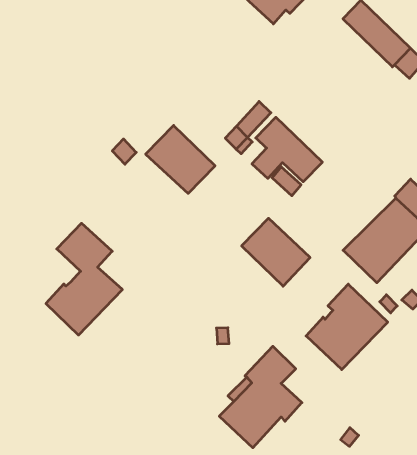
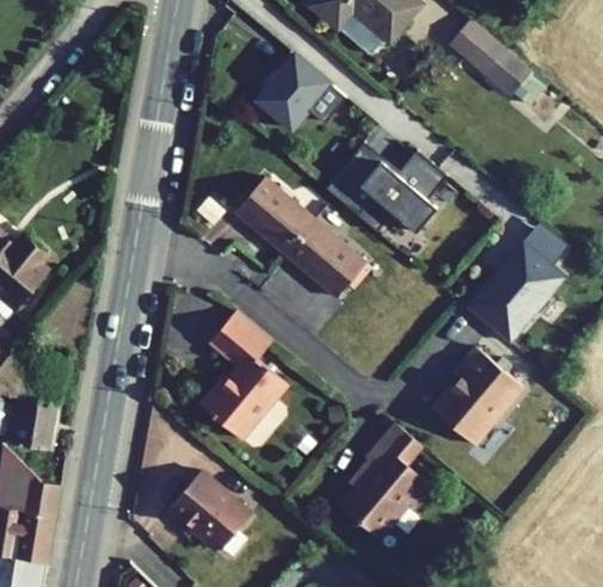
building: none -> [257,55,346,130]
building: [242,218,310,286] -> [287,221,365,297]
building: [46,223,122,335] -> [201,310,287,438]
building: none -> [168,470,251,549]

